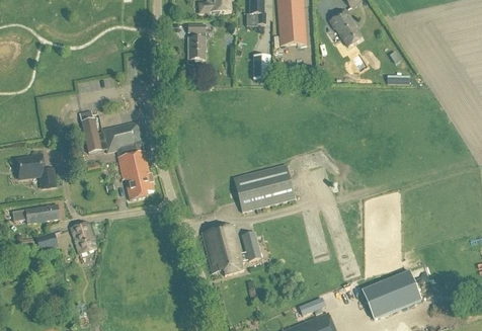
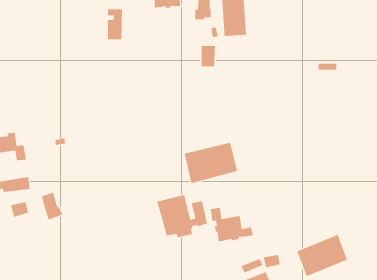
building: [329,9,360,45] -> none
building: [187,23,206,59] -> [107,9,123,40]
building: [81,117,153,199] -> none
building: none -> [210,207,253,243]

